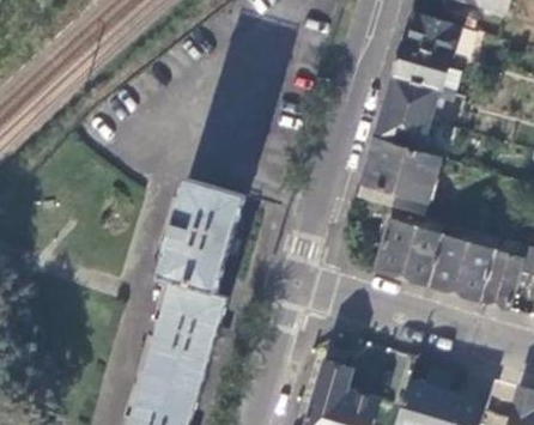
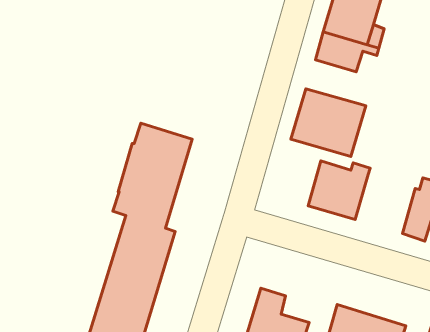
building: [372,108,438,158] -> none
building: [427,229,494,302] -> none

